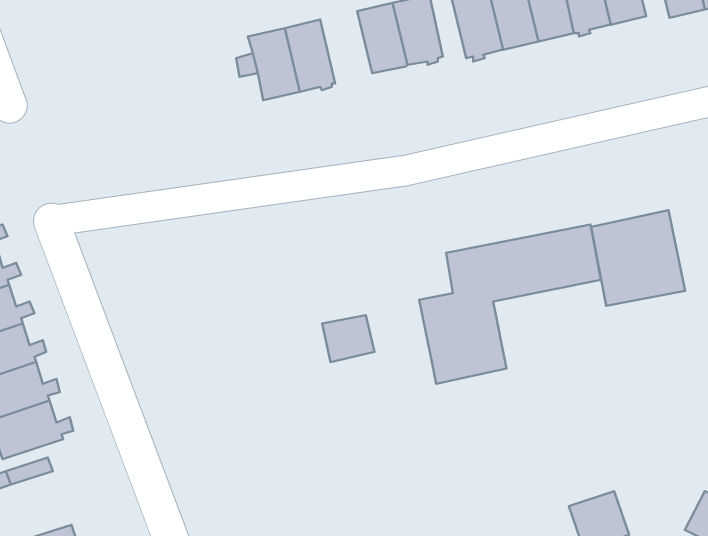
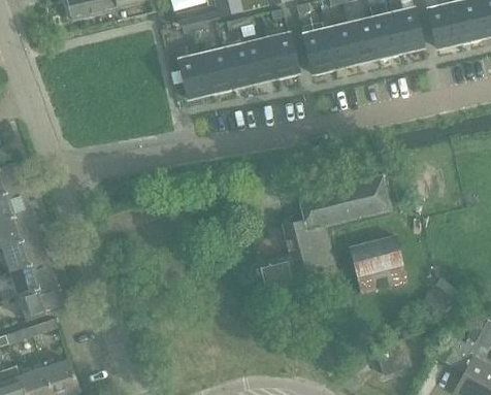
building: none -> [222,44,254,89]
building: [591,210,685,306] -> [352,233,410,292]
building: [322,315,374,362] -> [262,260,294,289]

